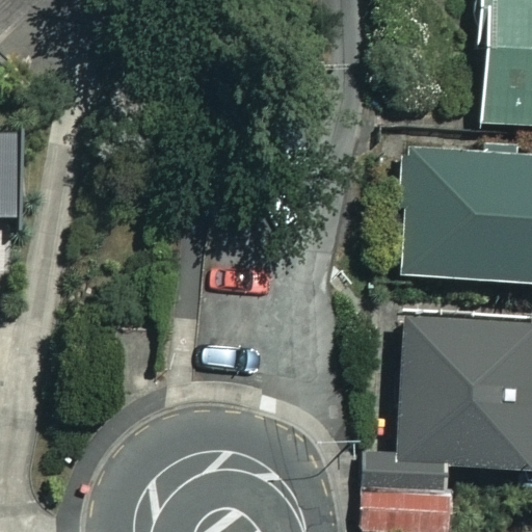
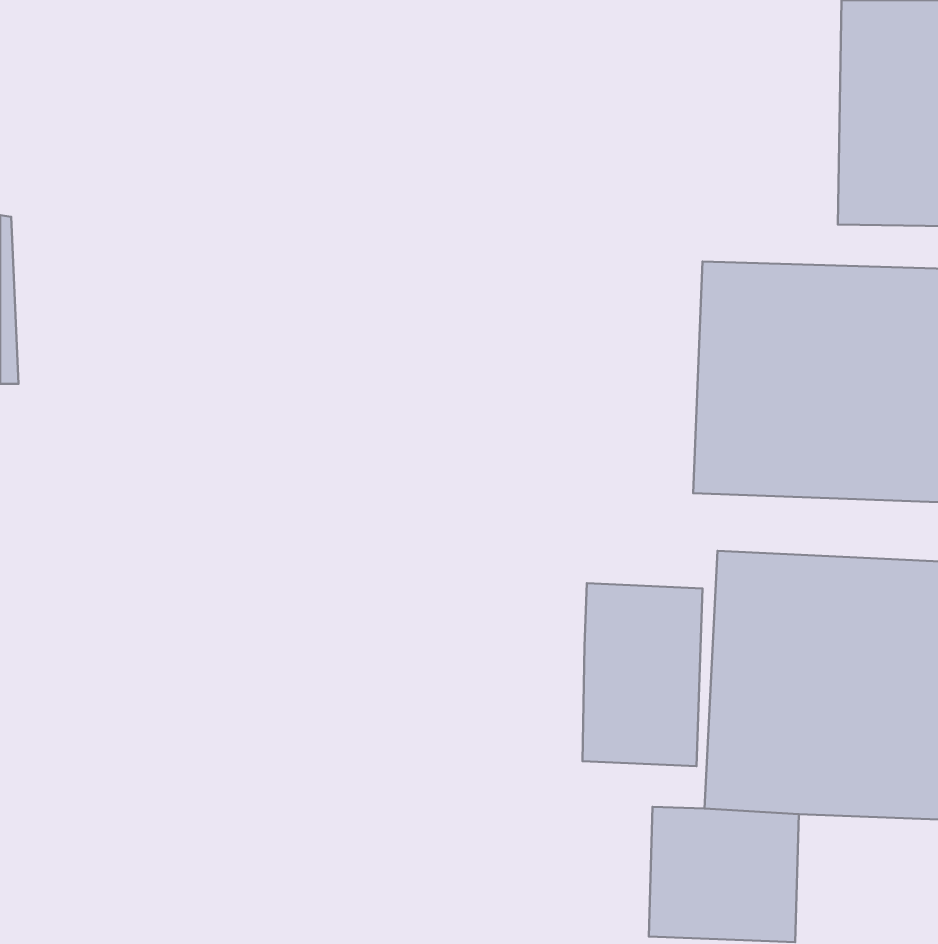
building: none -> [582,583,703,766]

